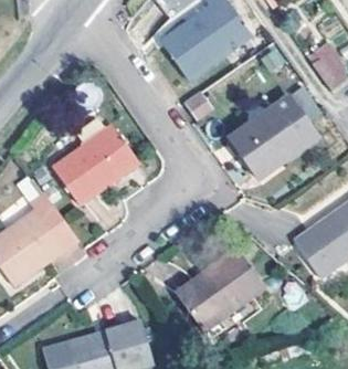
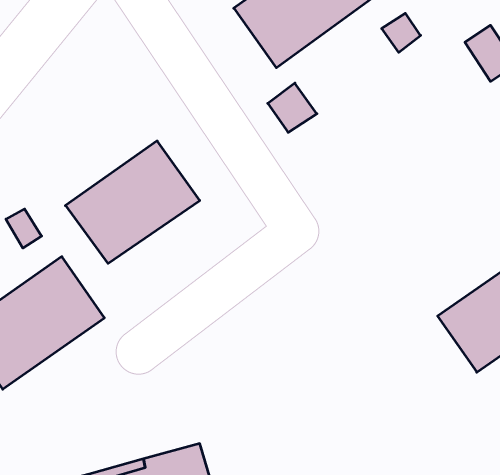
building: [230,96,318,179] -> none
building: [177,251,265,331] -> none

